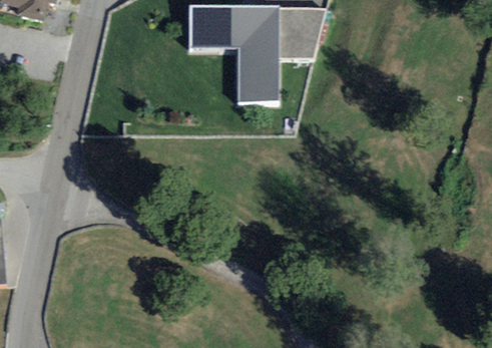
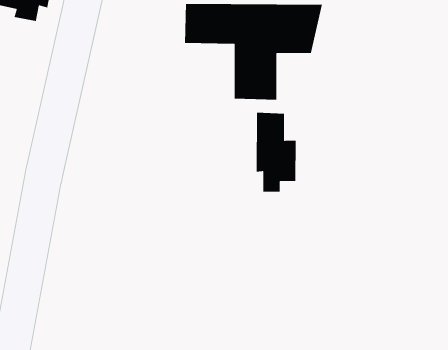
building: none -> [256,112,296,193]

